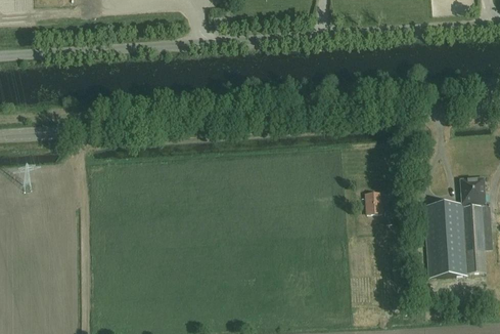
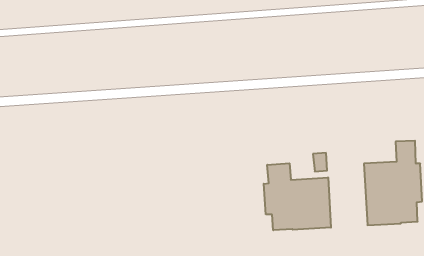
building: none -> [264,163,331,230]

